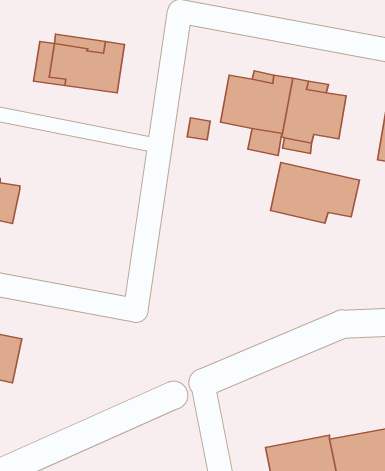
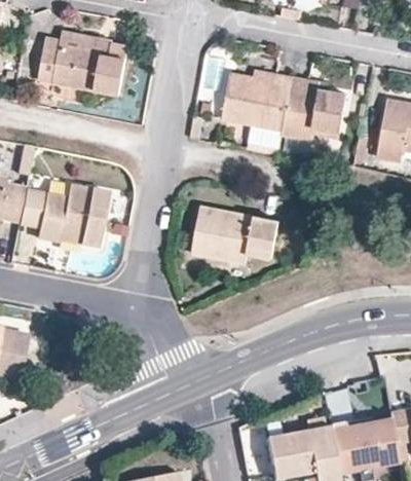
building: [271,162,359,223] -> [193,206,281,265]
building: none -> [18,184,108,245]

